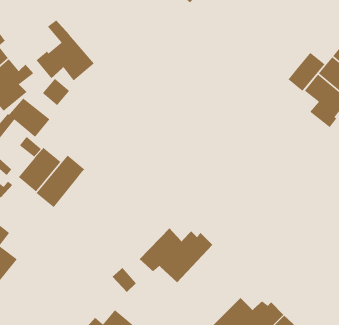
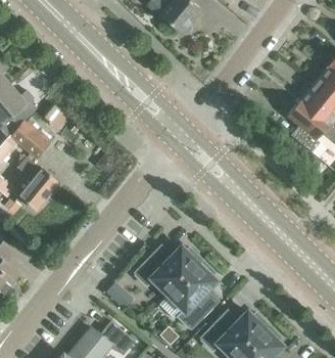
building: [36,19,95,81] -> none
building: [287,52,325,92] -> none
building: [36,155,85,208] -> none
building: none -> [169,260,220,330]

